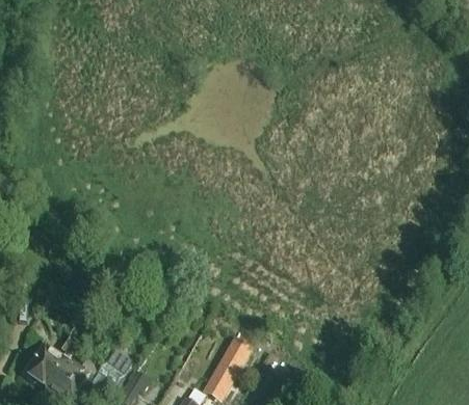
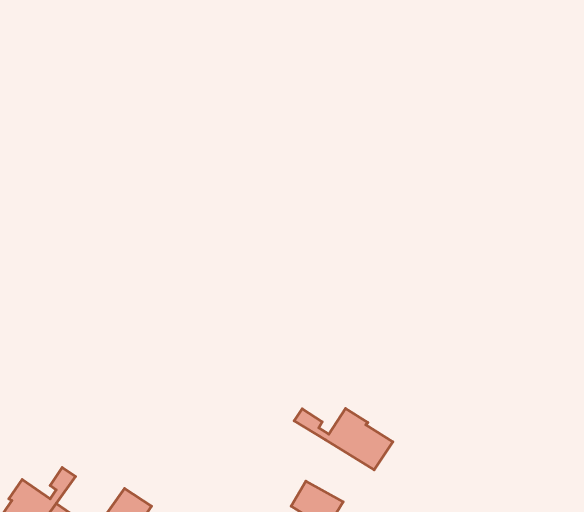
building: none -> [294,409,393,470]

